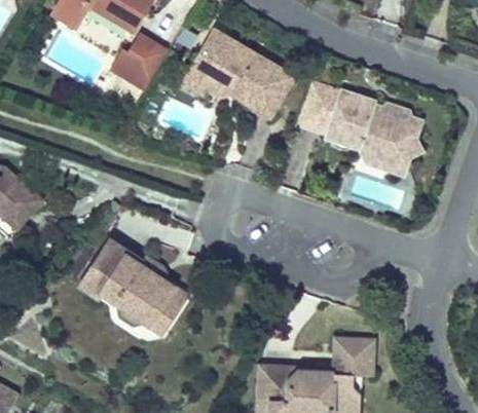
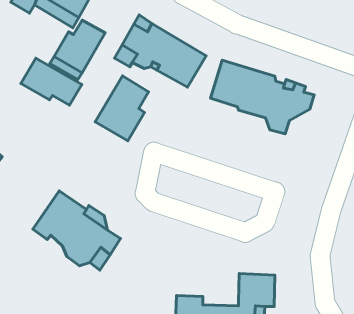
building: none -> [21,58,82,105]
building: none -> [95,76,149,141]

